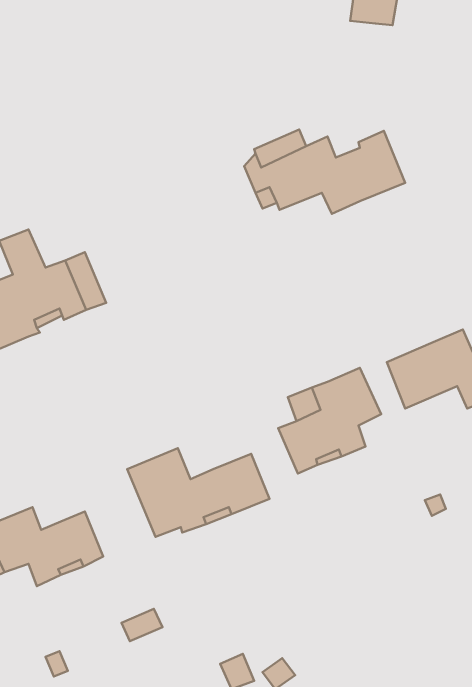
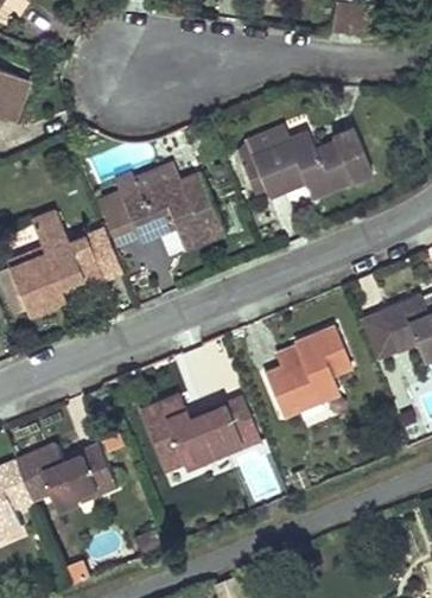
building: none -> [96,165,225,249]

